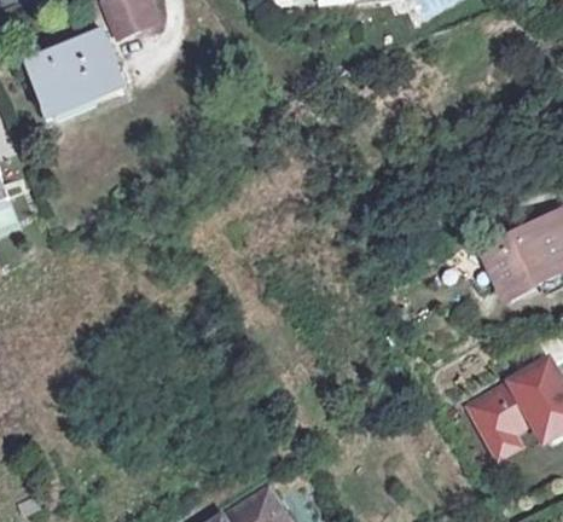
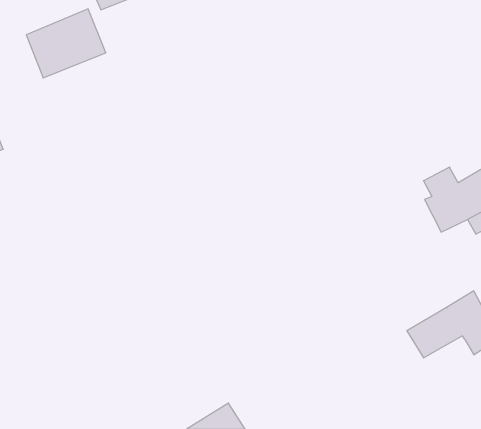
building: [463,372,540,460] -> none

